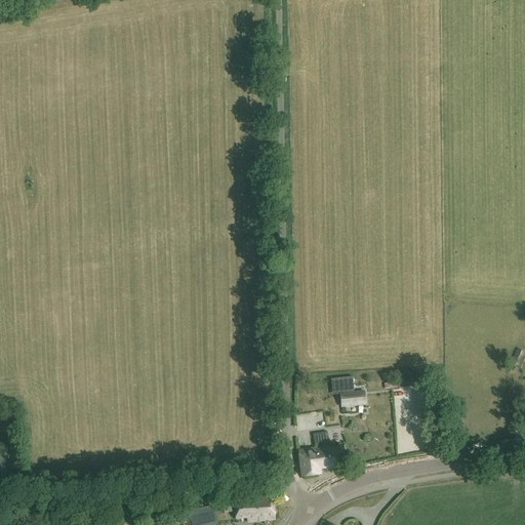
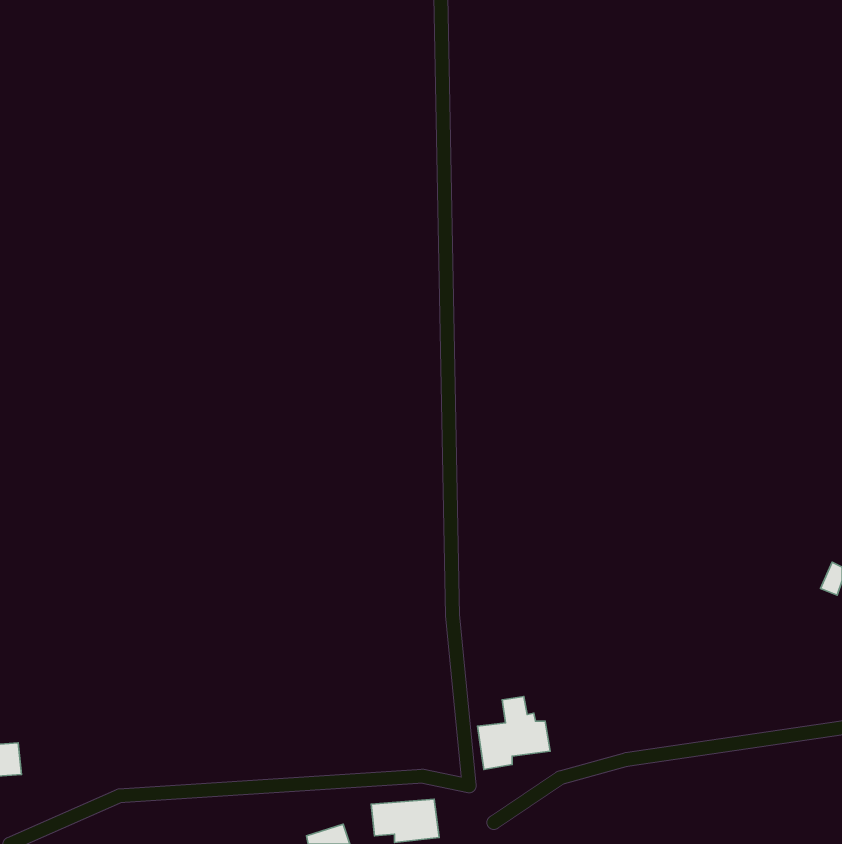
building: [331,376,365,406] -> none

